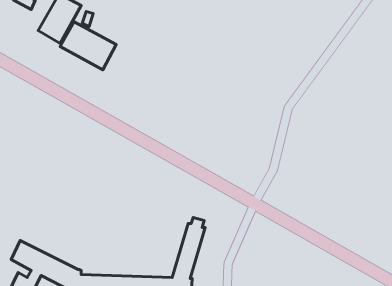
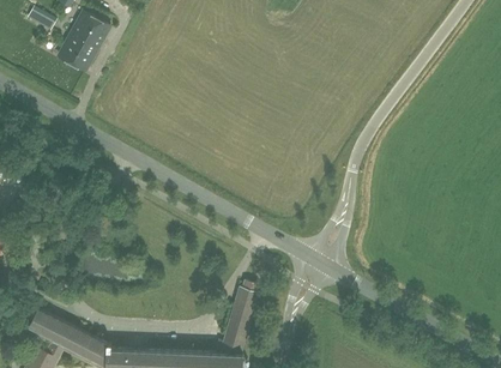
building: [60,22,116,70] -> none

